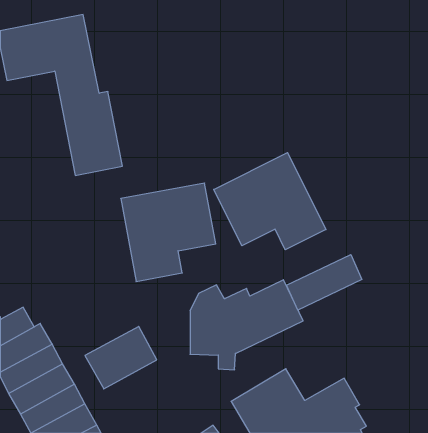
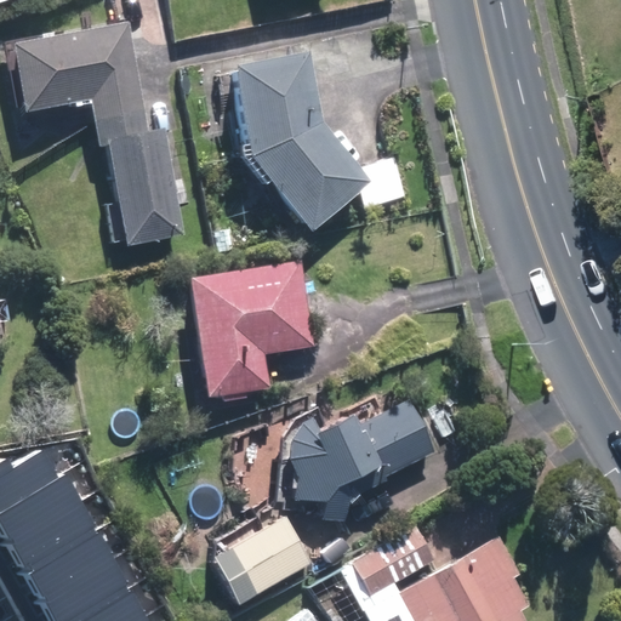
building: none -> [223,56,366,237]
building: [214,153,326,250] -> none
building: [287,255,362,310] -> none
building: [85,326,157,389] -> [212,515,314,604]

